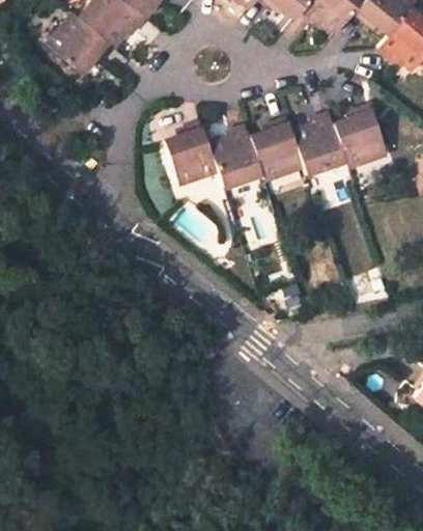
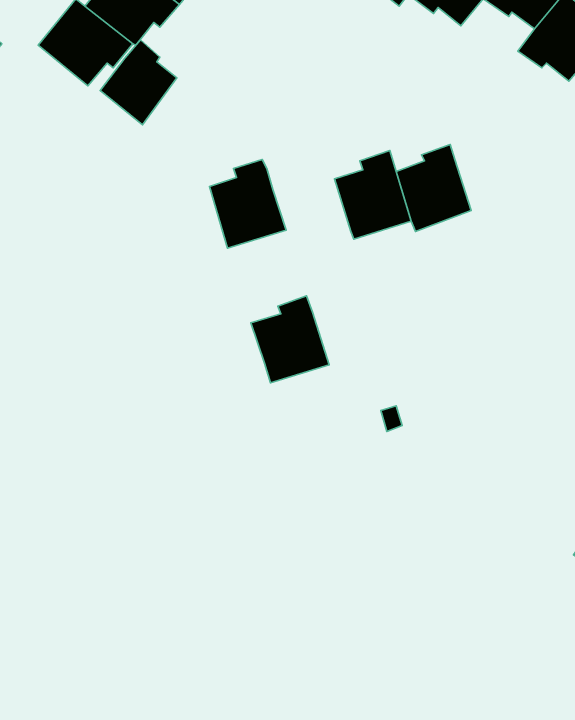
building: none -> [100,40,177,125]
building: [334,106,387,167] -> none
building: [208,125,262,186] -> [251,296,329,383]

